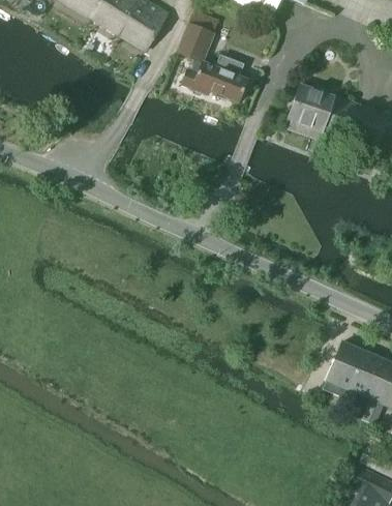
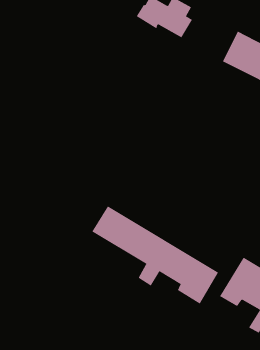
building: none -> [92,205,219,304]

